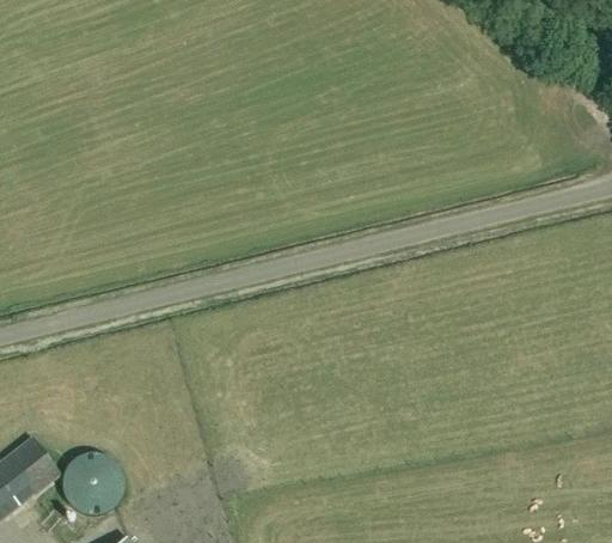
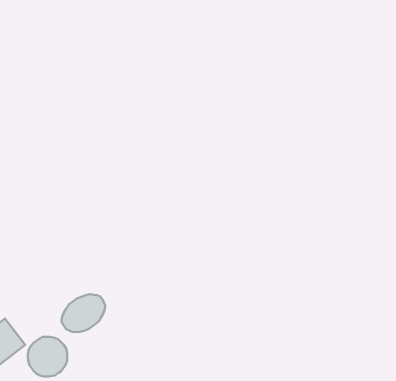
building: none -> [62,294,105,332]

